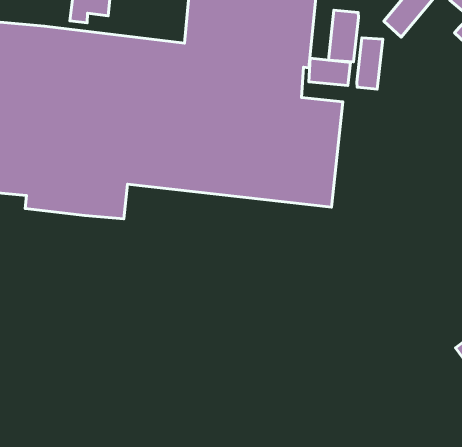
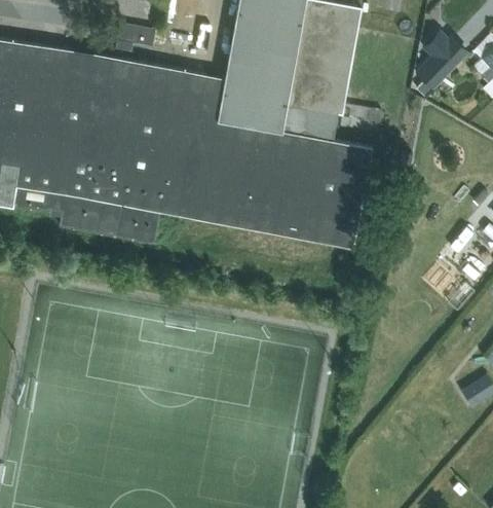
building: [328,10,359,62] -> none
building: [357,38,383,89] -> none

